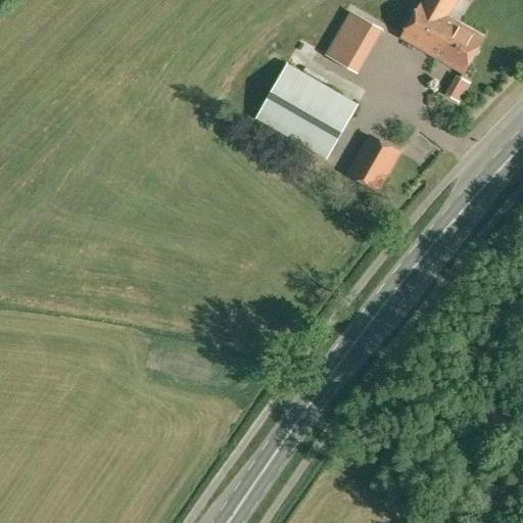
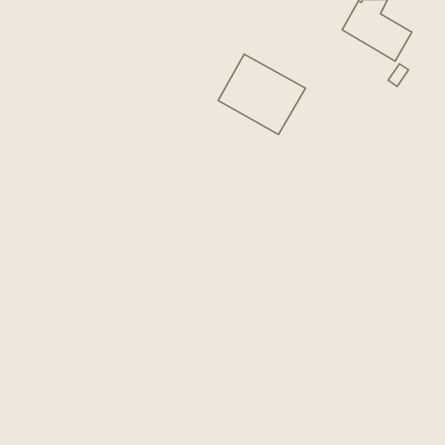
building: [327,12,380,70] -> none
building: [348,135,397,189] -> none

